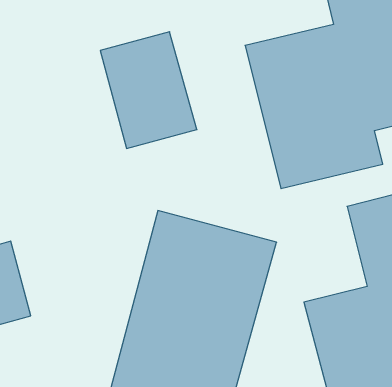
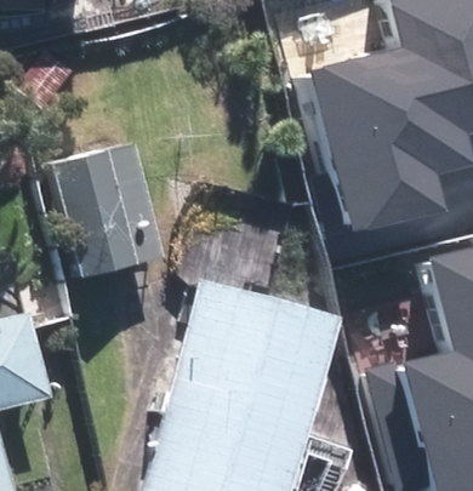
building: [100,32,197,148] -> [51,139,163,274]

